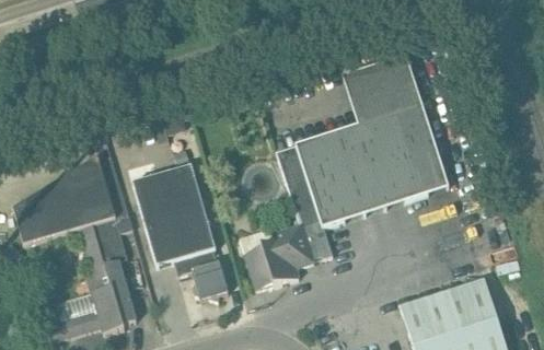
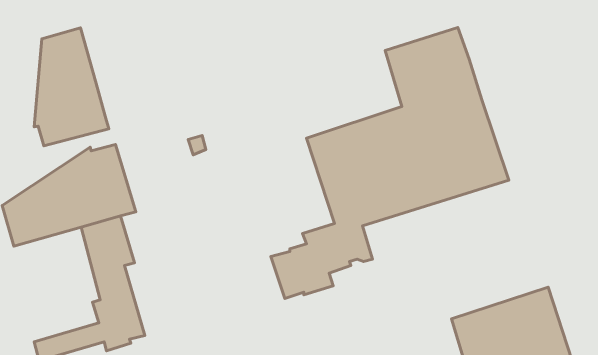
building: none -> [34,28,109,146]
building: [132,164,228,299] -> none

